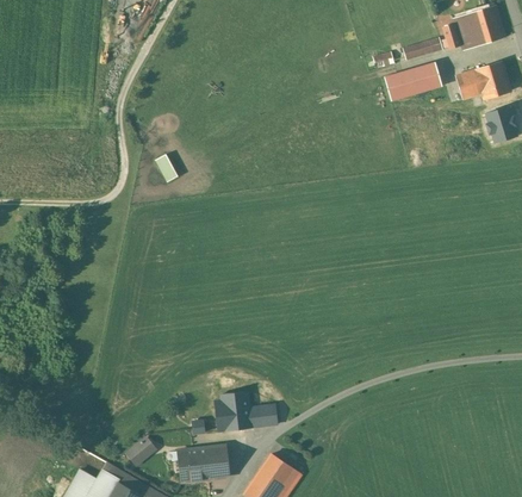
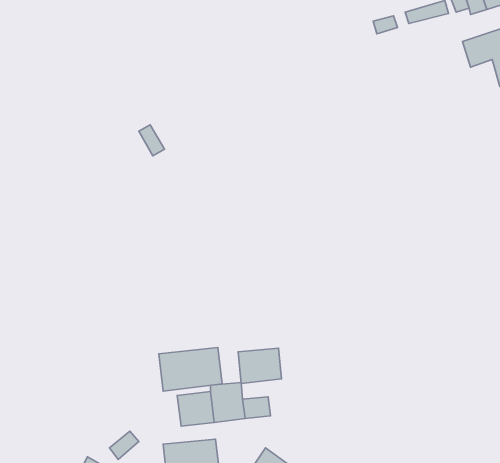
building: [384,62,442,101] -> none
building: none -> [159,348,222,391]
building: none -> [238,348,281,384]

